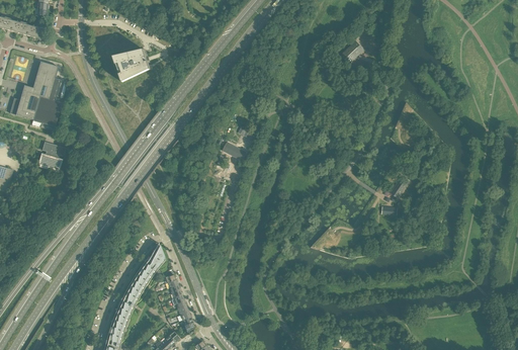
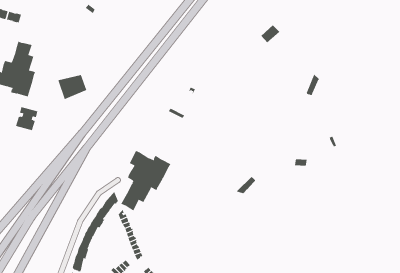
building: [113,49,150,80] -> [58,75,87,100]
building: none -> [121,150,171,211]

